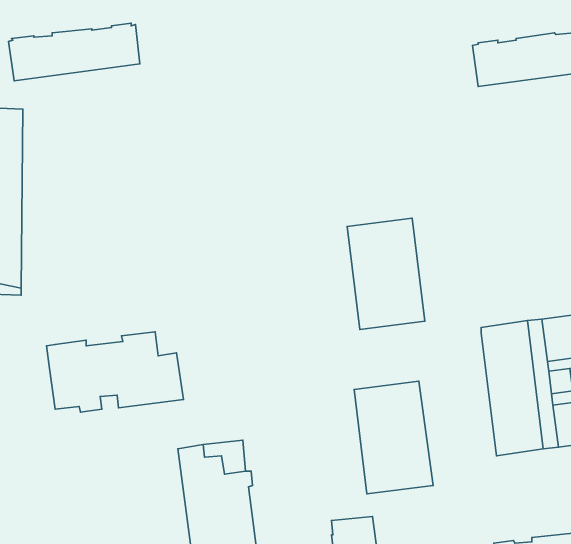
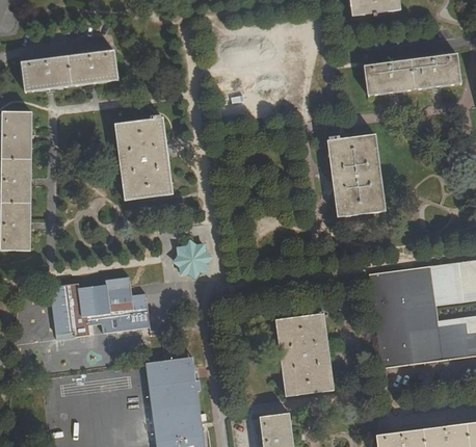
building: none -> [114,117,173,200]
building: [347,218,425,330] -> [327,134,385,216]
building: none -> [177,243,206,272]

